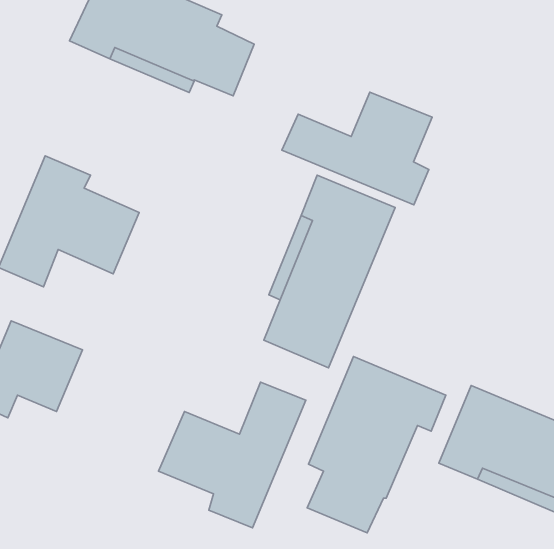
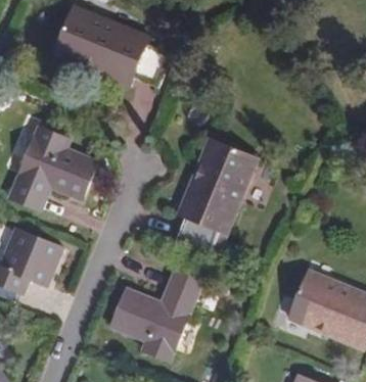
building: [282,92,432,205] -> none
building: [307,357,446,533] -> none

